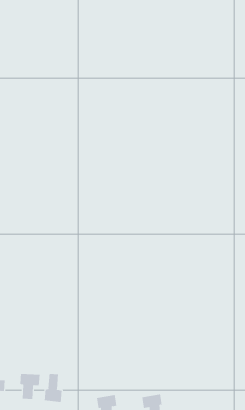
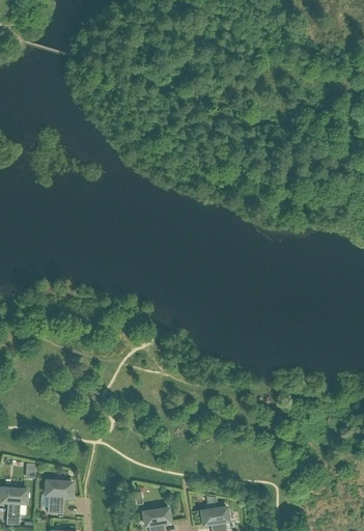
building: [44,373,62,403] -> none

